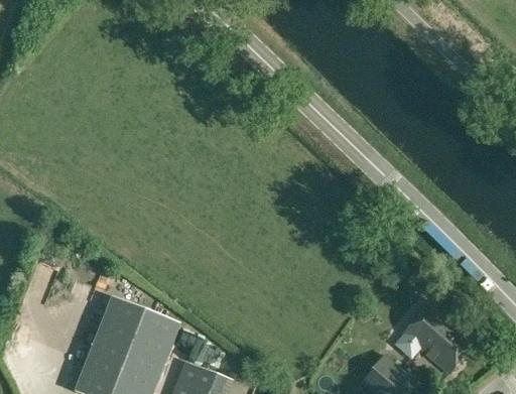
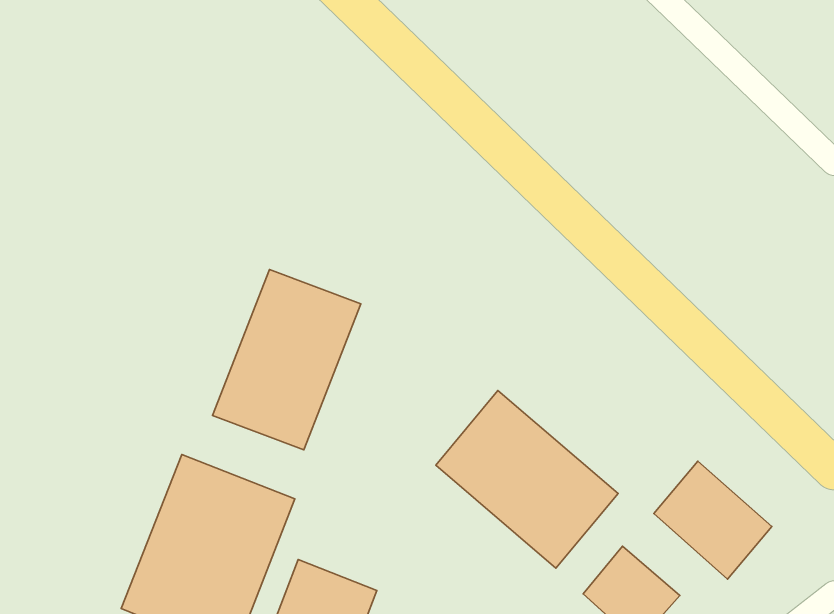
building: none -> [212,269,361,450]
building: none -> [436,391,618,568]

